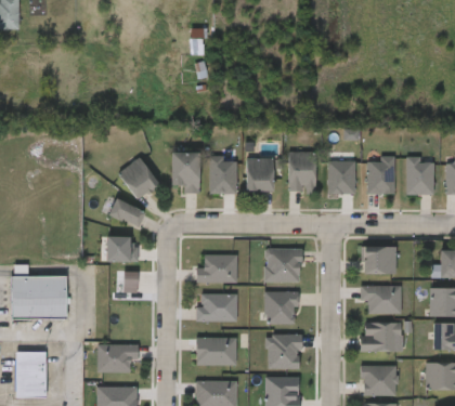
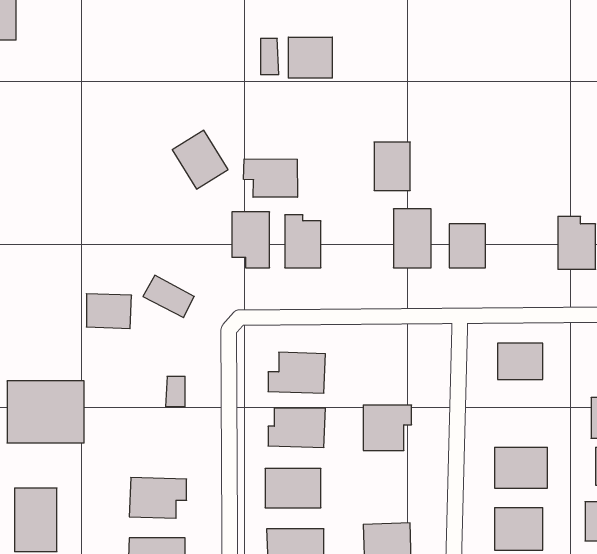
building: none -> [288,37,332,78]
building: none -> [244,159,297,197]
building: [118,157,158,199] -> [172,130,228,189]
building: [247,157,273,192] -> [374,142,410,190]
building: [367,157,394,193] -> none
building: [108,237,141,262] -> [86,294,132,329]
building: [264,248,300,281] -> none
building: [360,286,401,313] -> none
building: [268,333,303,369] -> none

